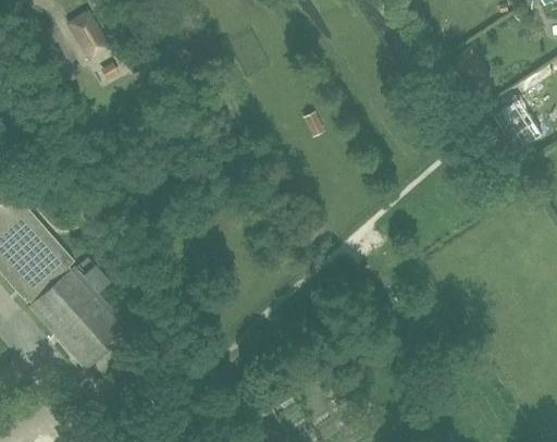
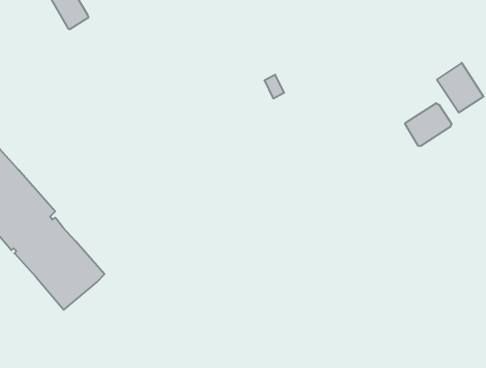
building: none -> [405,103,451,146]

